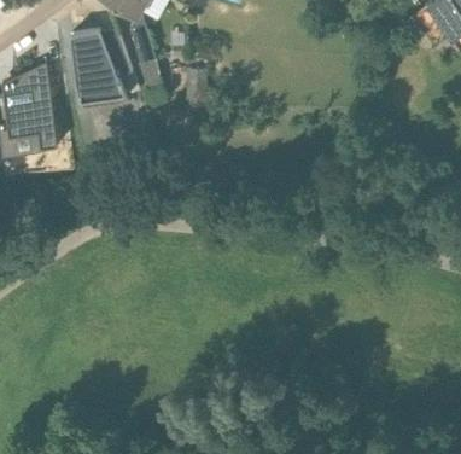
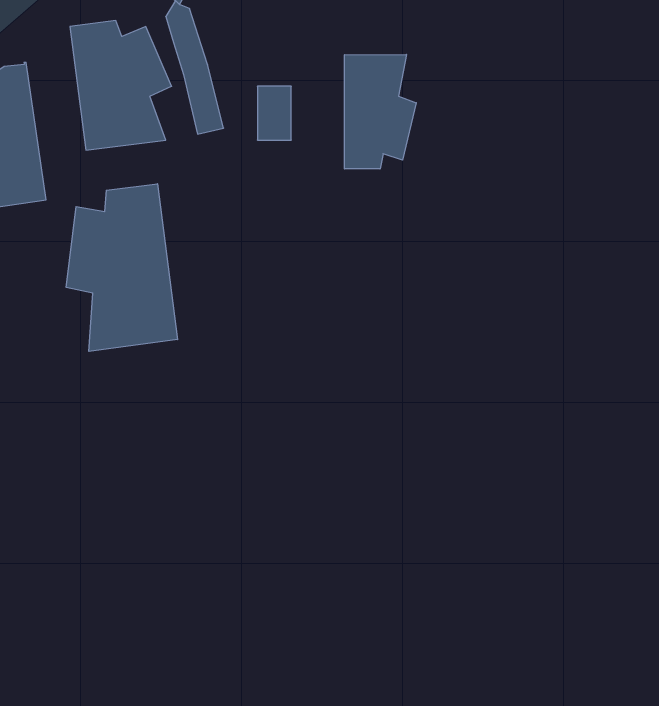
building: none -> [345,54,416,169]
building: none -> [66,184,178,351]

